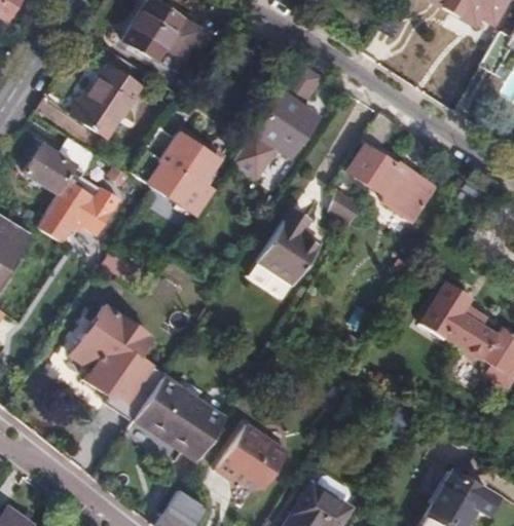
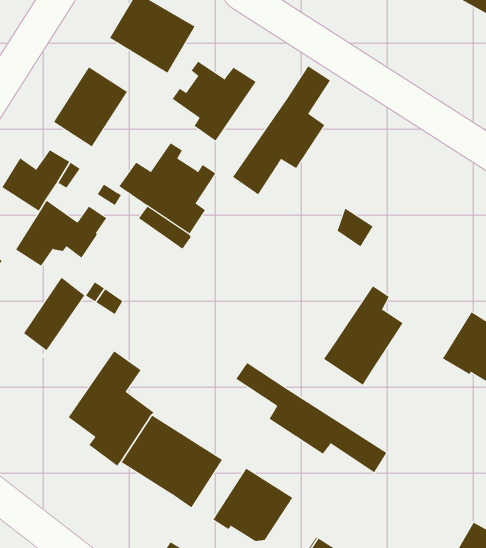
building: none -> [172,61,256,141]
building: [347,114,431,222] -> none
building: [249,212,321,301] -> [323,285,403,385]
building: [73,302,128,378] -> [23,277,85,362]
building: none -> [235,362,387,473]

